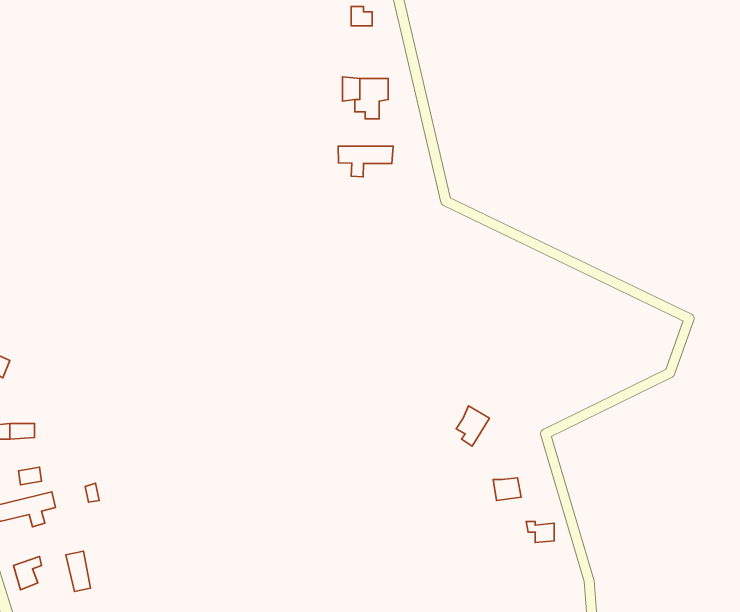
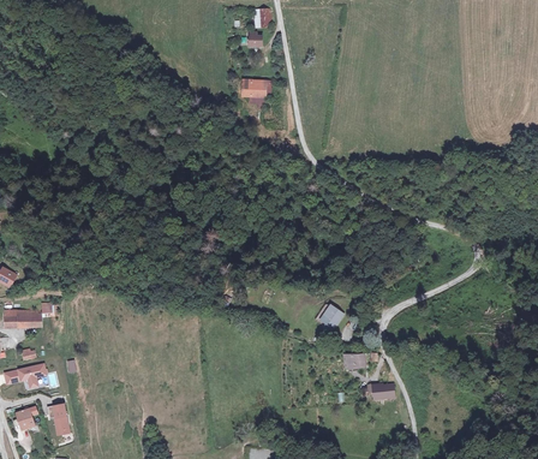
building: [338,146,393,177] -> none

